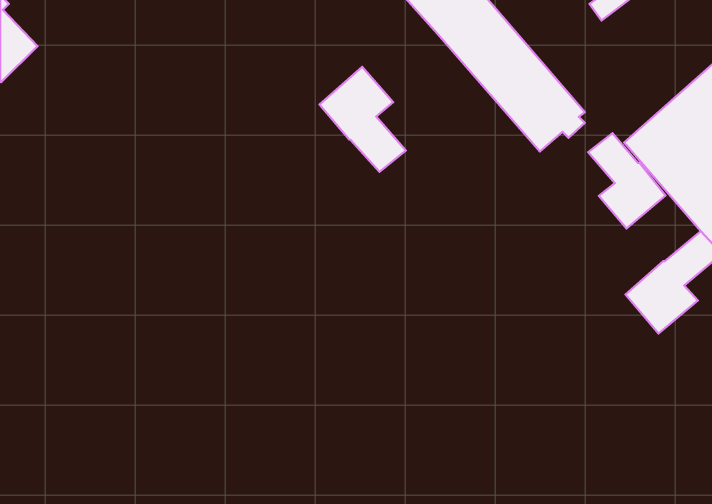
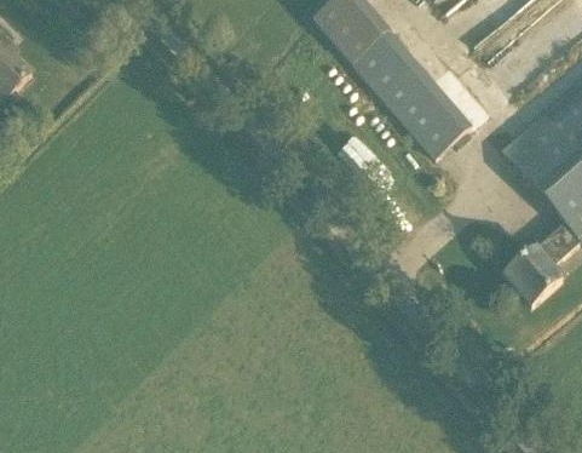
building: [320,67,406,172] -> none
building: [588,133,666,228] -> none

